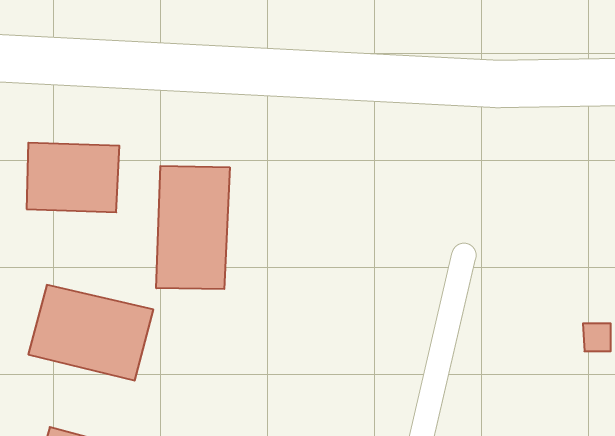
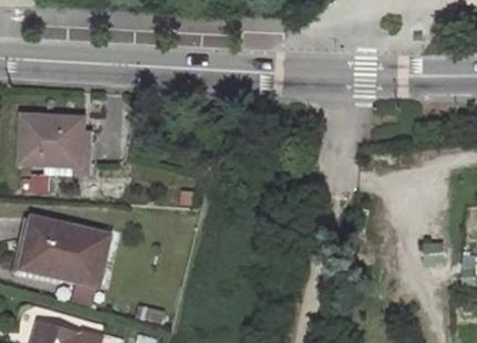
building: [156,166,230,289] -> none

